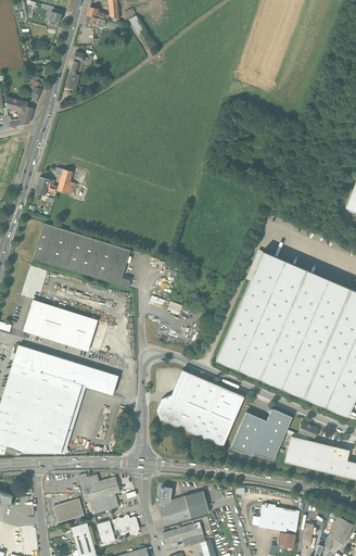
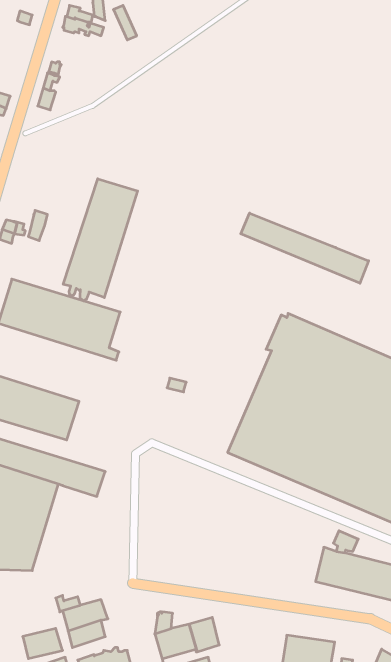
building: none -> [63,179,138,301]
building: none -> [241,213,369,283]
building: [156,375,244,447] -> none
building: [230,408,292,460] -> none

